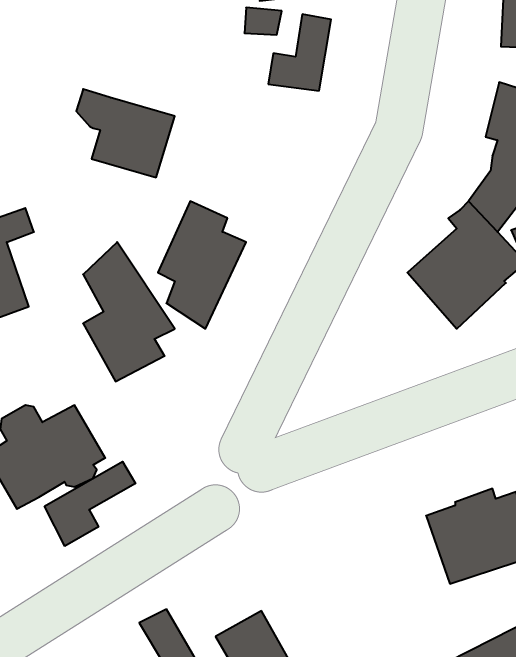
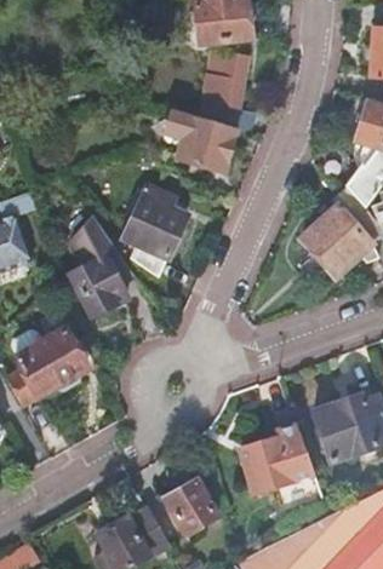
building: [76,89,175,177] -> [165,110,235,173]
building: [45,462,135,546] -> none
building: none -> [240,421,314,493]

